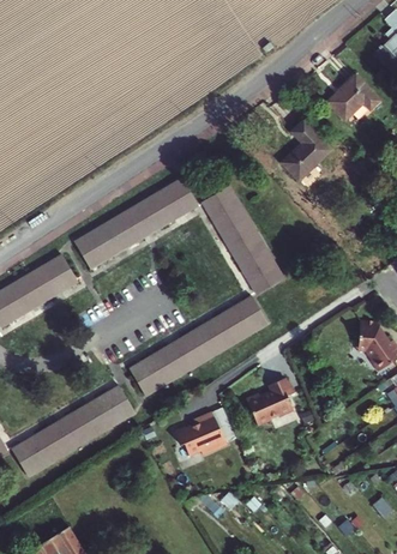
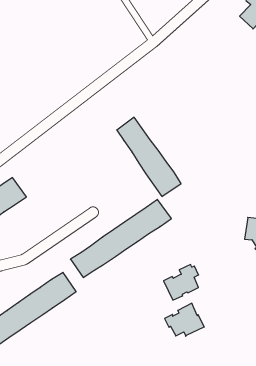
building: [327,82,379,126] -> none
building: [279,122,332,185] -> none
building: [76,179,194,266] -> none
building: [179,417,230,460] -> [165,303,204,336]

